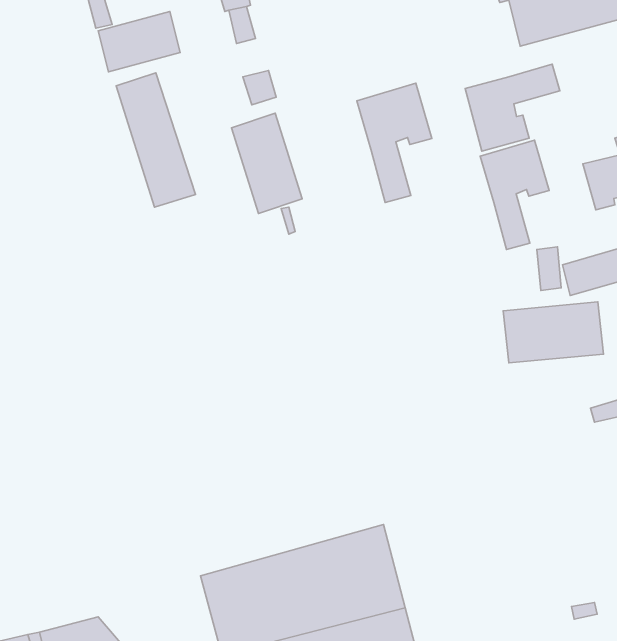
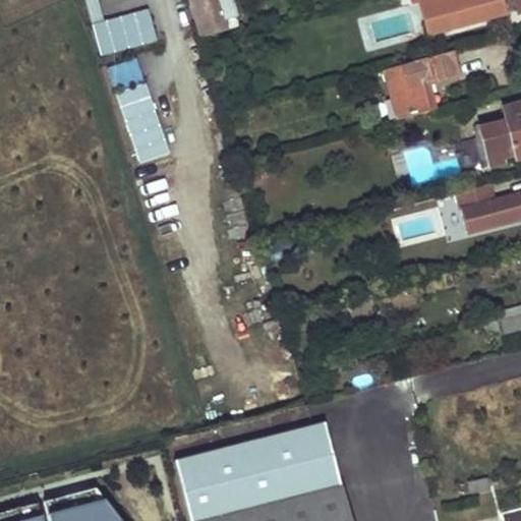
building: [357,83,432,203] -> none
building: [231,113,302,214] -> none
building: [480,140,549,249] -> none
building: [503,302,604,363] -> none

